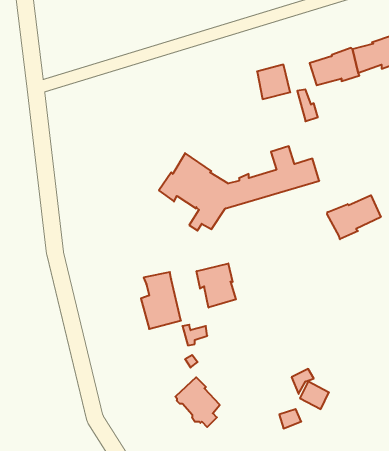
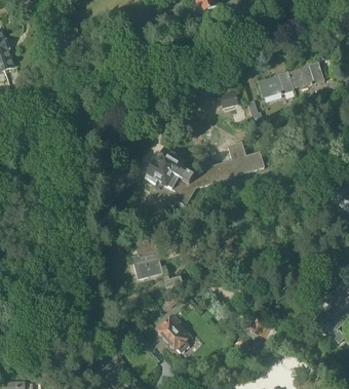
building: [327,195,381,239] -> none
building: [197,263,236,308] -> none

